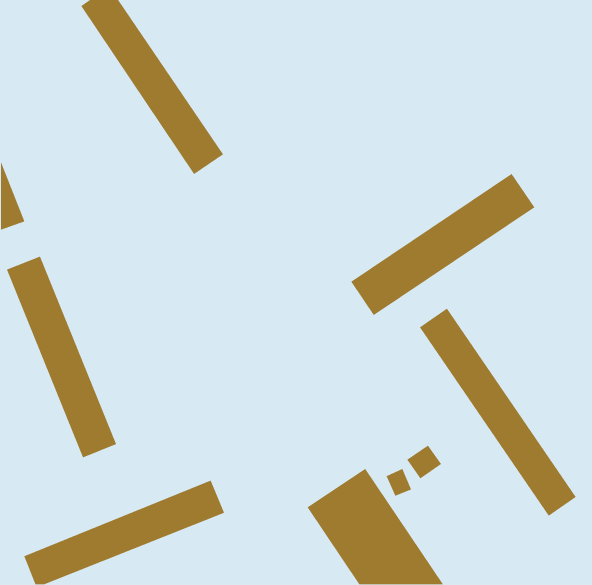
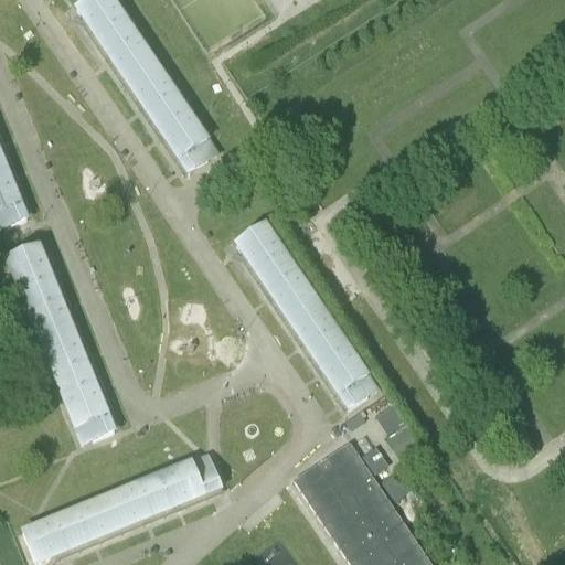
building: [350,173,536,316] -> none
building: none -> [237,222,374,402]
building: [419,308,577,517] -> none

